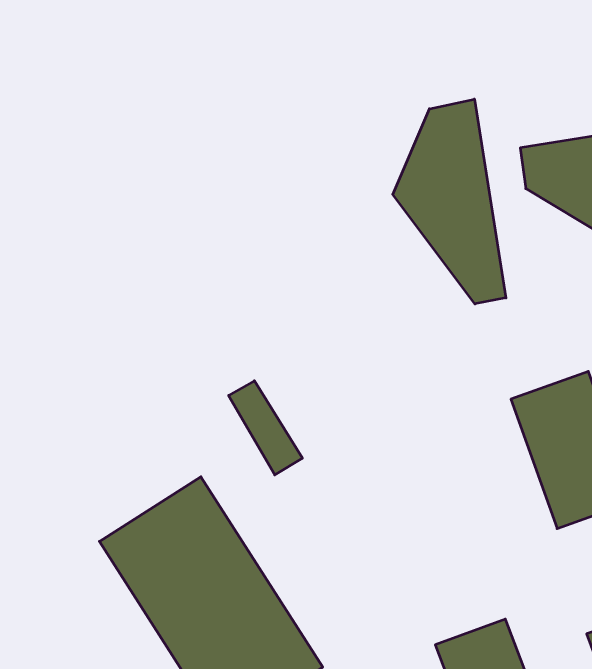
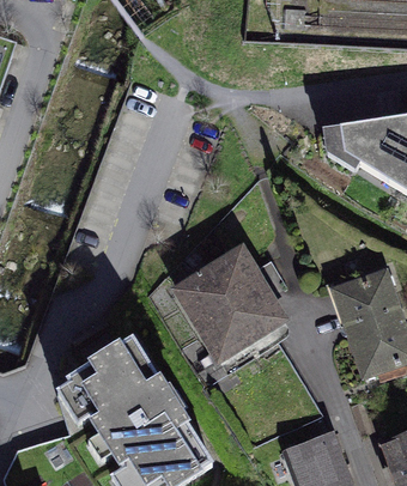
building: [393,99,506,304] -> none
building: none -> [177,249,288,358]

